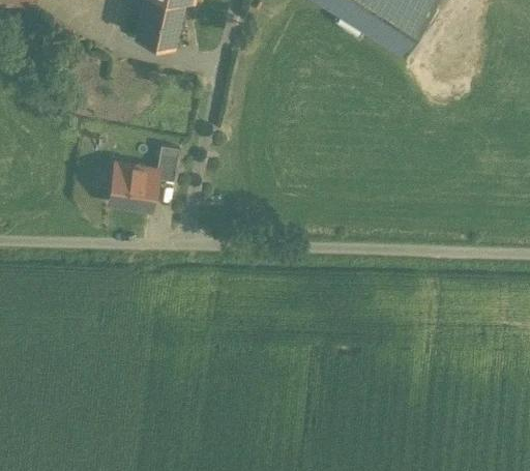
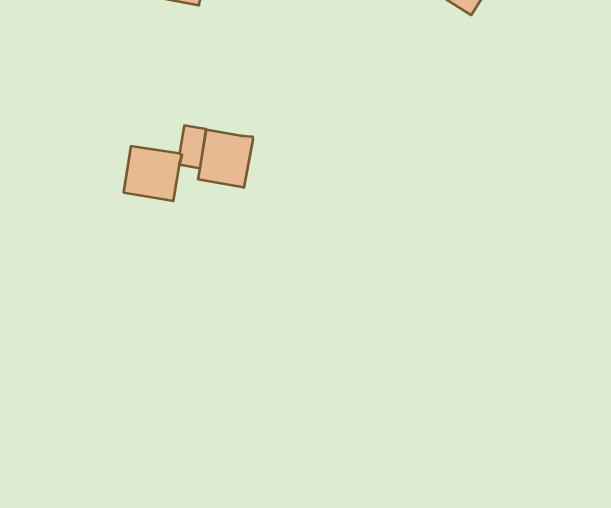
building: none -> [198,130,253,188]

